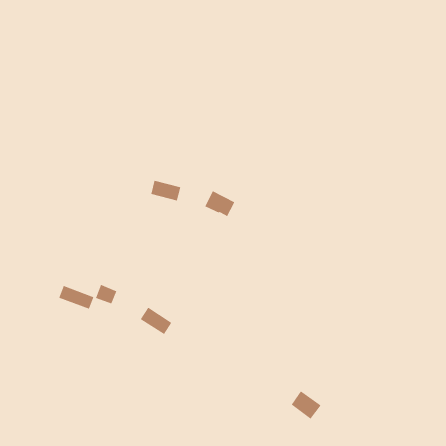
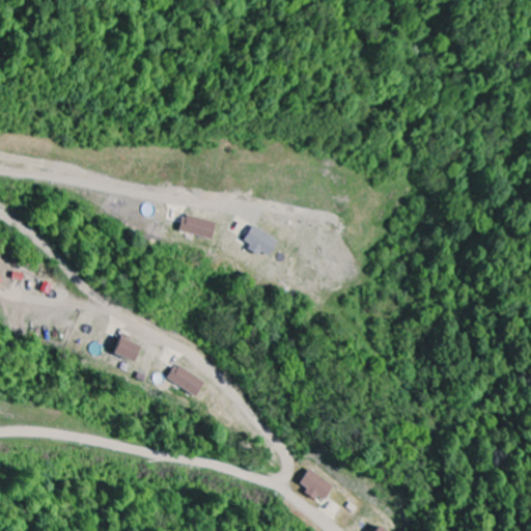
building: [58,285,94,310] -> none
building: [291,391,321,419] -> [299,469,335,503]

